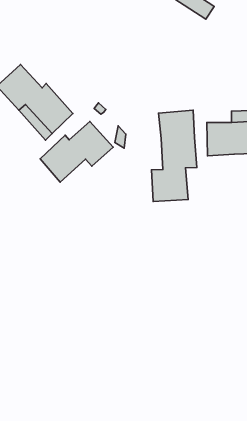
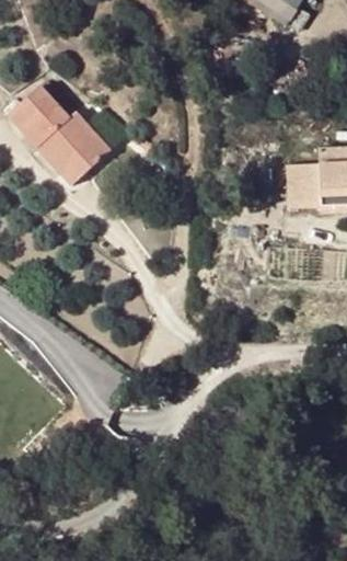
building: [152,110,197,202] -> none
building: [40,122,113,182] -> none

